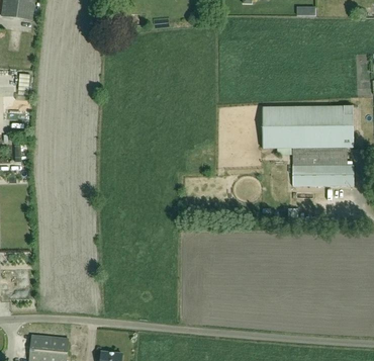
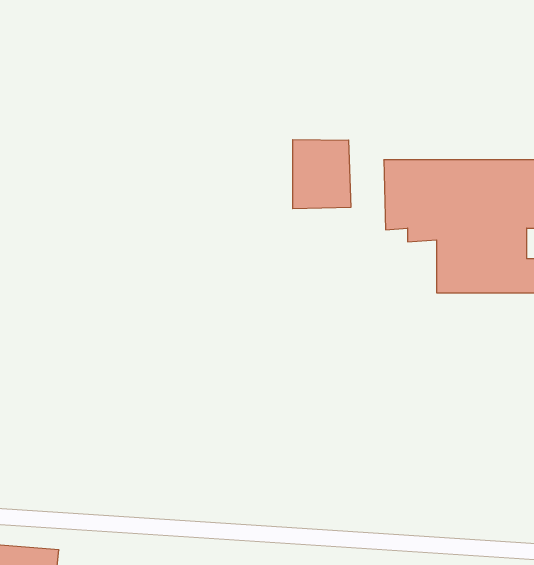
building: none -> [293,140,351,209]

